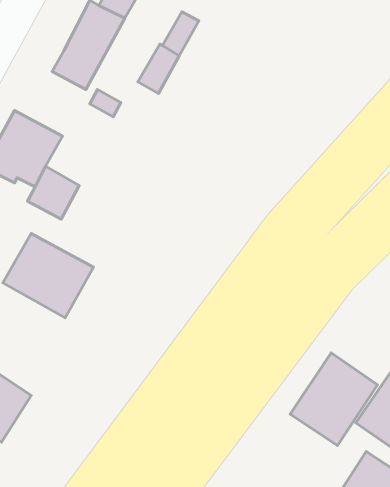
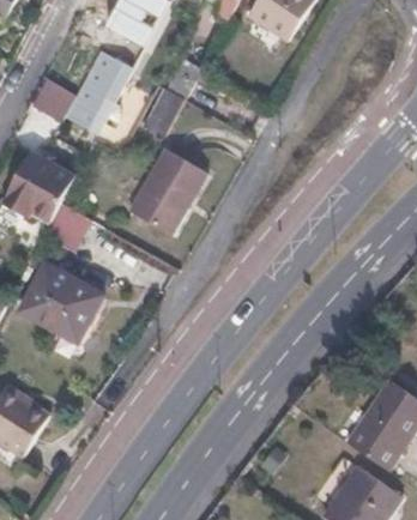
building: none -> [28,77,77,121]
building: none -> [128,147,206,235]
building: [290,353,377,445] -> none

